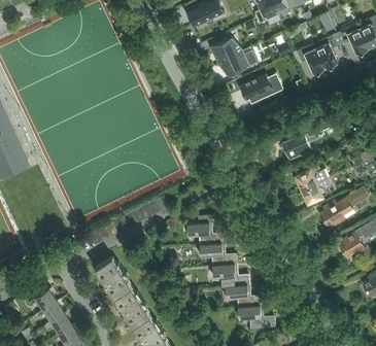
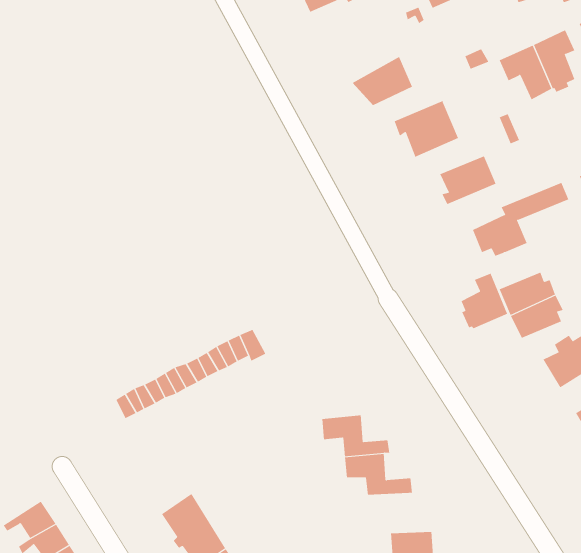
building: [209,37,242,64] -> none
building: none -> [440,155,497,205]
building: none -> [461,273,508,329]
building: [186,215,225,245] -> none
building: [95,257,130,297] -> none
building: [225,285,262,307] -> none

